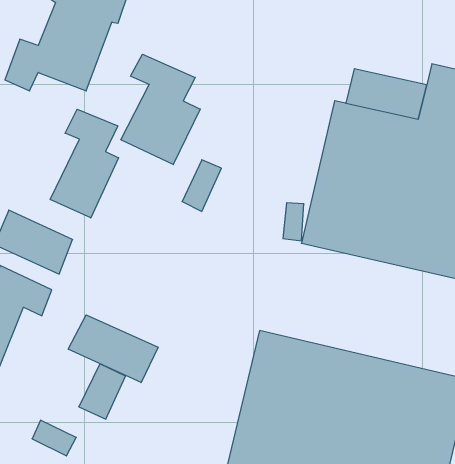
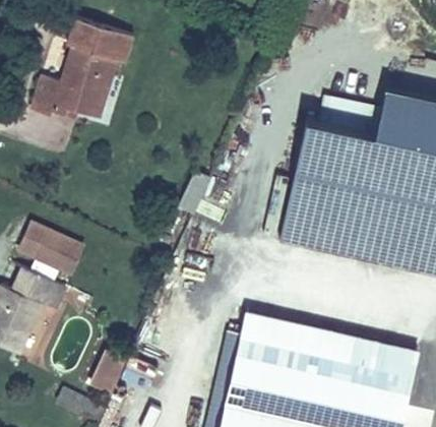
building: [121,54,200,165] -> none
building: [50,109,119,218] -> none
building: [68,315,158,383] -> none

